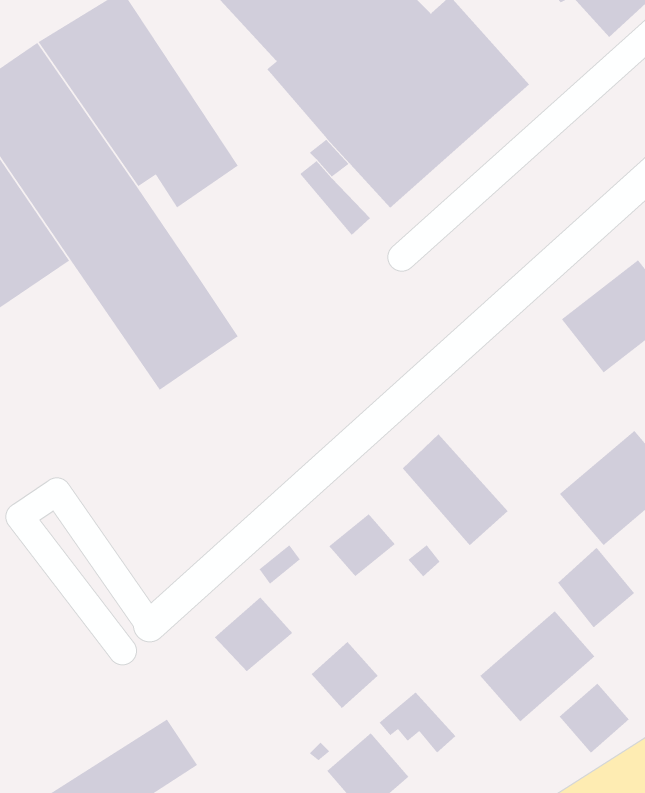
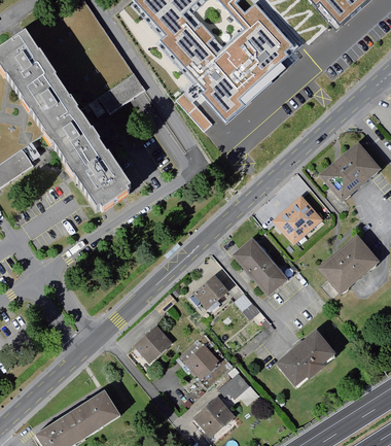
building: none -> [276,199,321,243]
building: [557,547,635,628] -> none
building: [558,682,630,754] -> none

